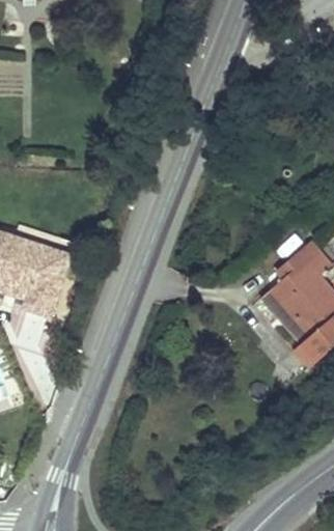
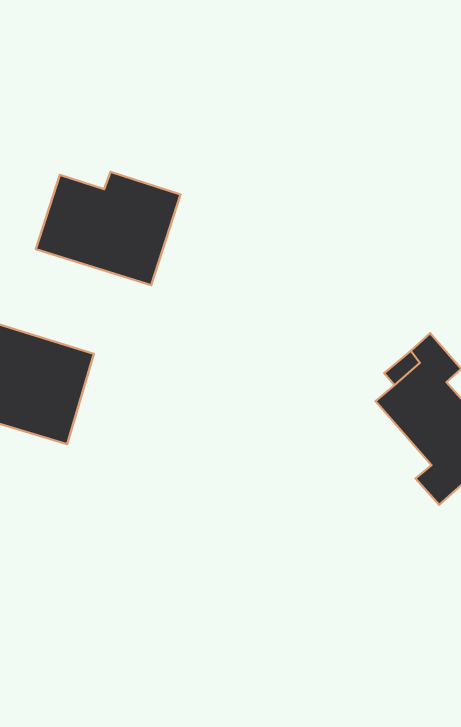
building: none -> [36,172,180,285]

